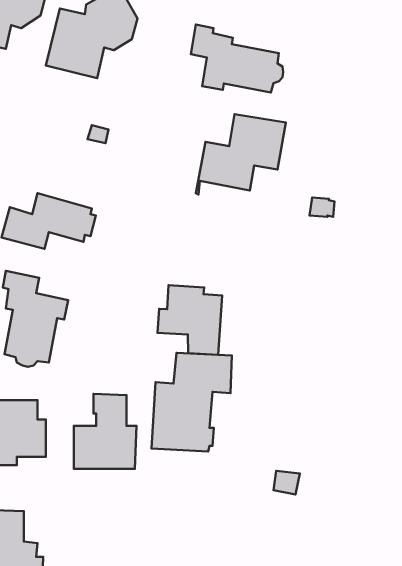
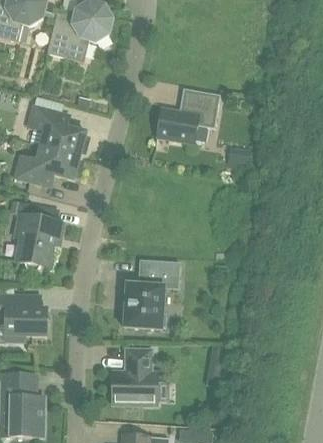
building: [191,25,283,93] -> none
building: none -> [27,104,88,155]
building: [158,285,222,355] -> none
building: [74,394,136,469] -> [112,348,157,402]

